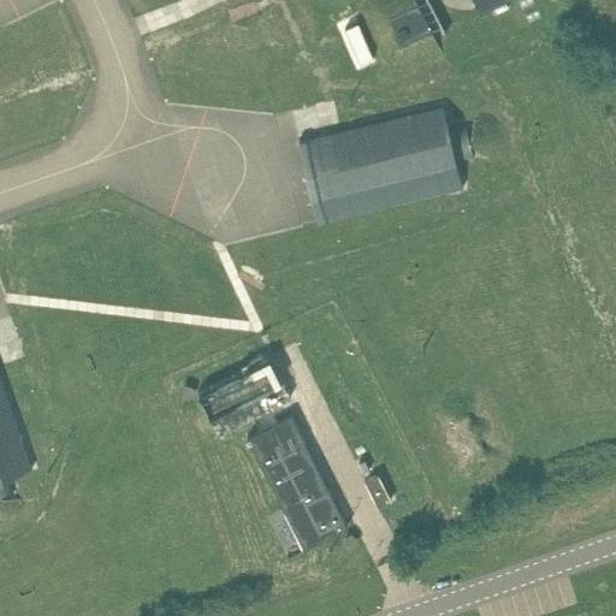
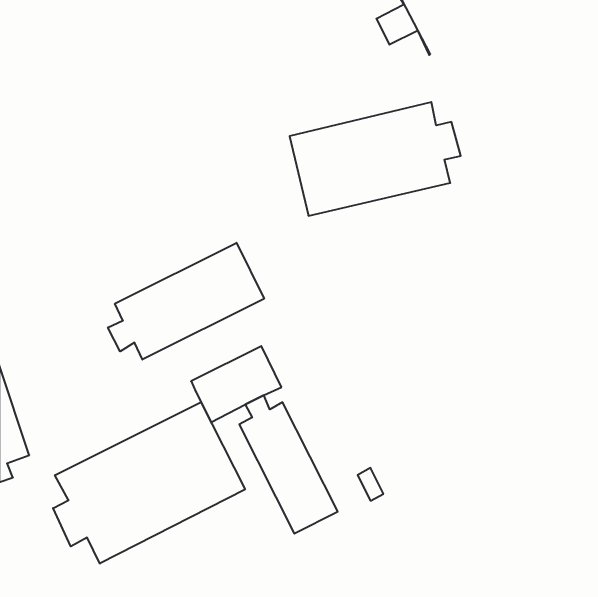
building: none -> [108,243,264,360]
building: none -> [53,402,245,564]

